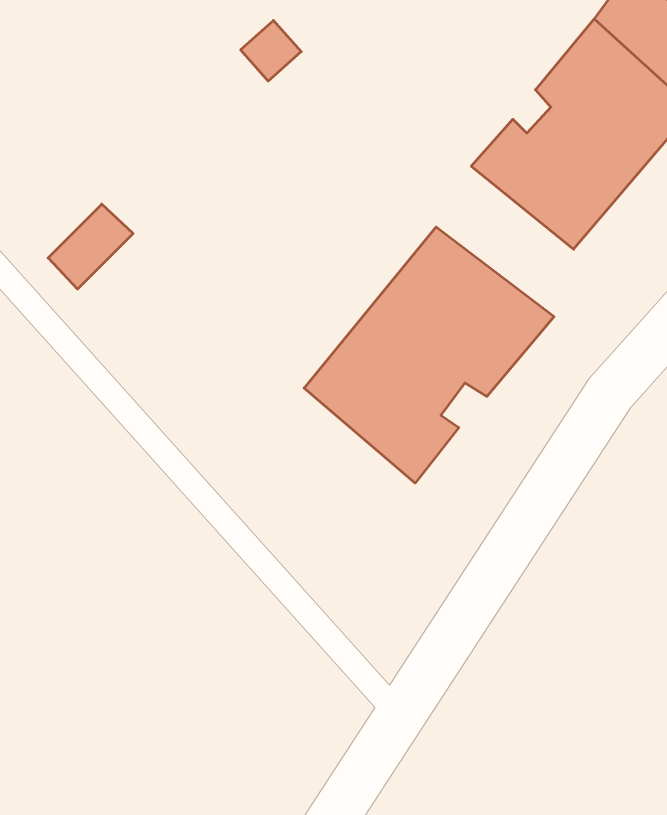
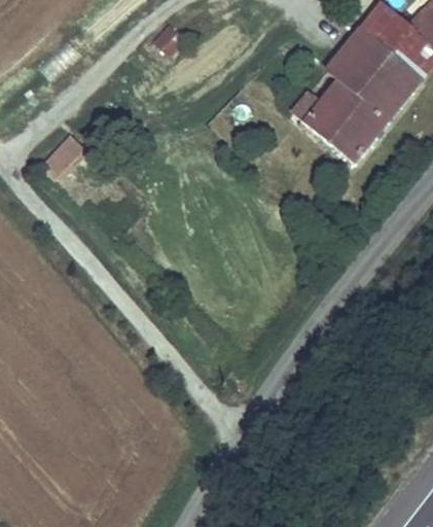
building: [304,227,554,483] -> none

